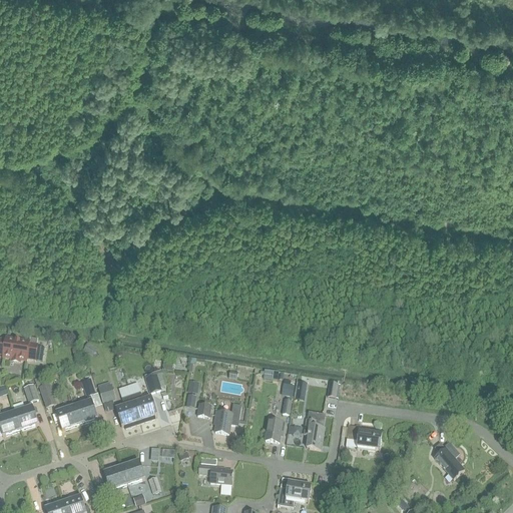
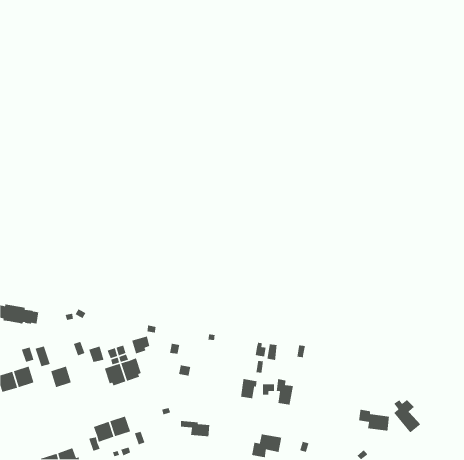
building: [73,397,97,422] -> none
building: [214,402,240,432] -> none
building: [346,423,381,448] -> [358,409,390,432]

